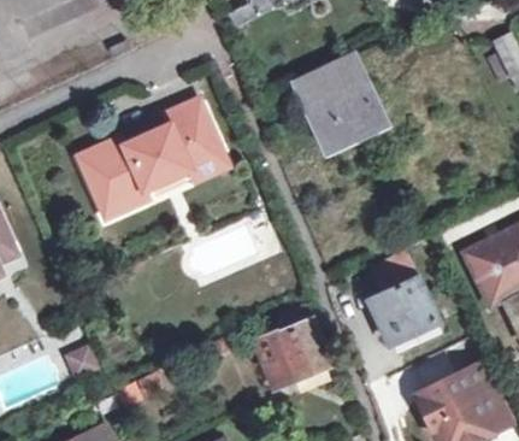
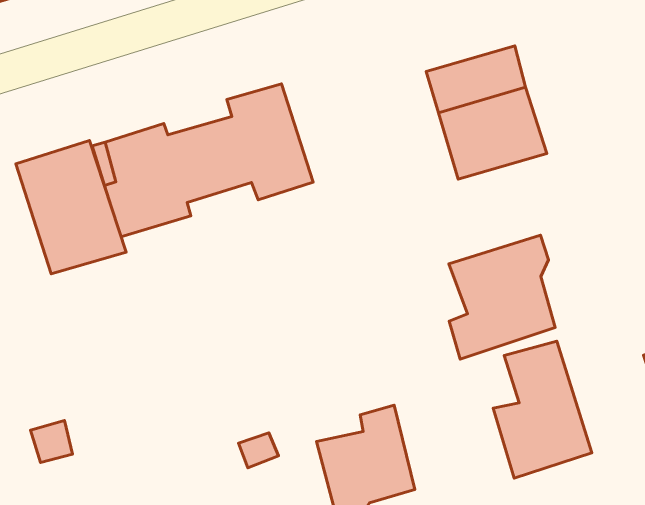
building: none -> [16,140,126,274]
building: none -> [449,235,555,359]

